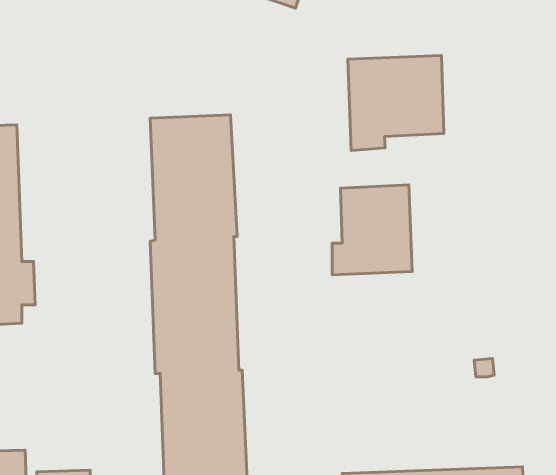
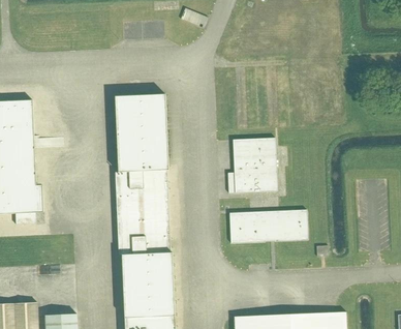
building: [348,56,444,150] -> none
building: none -> [229,210,307,243]

